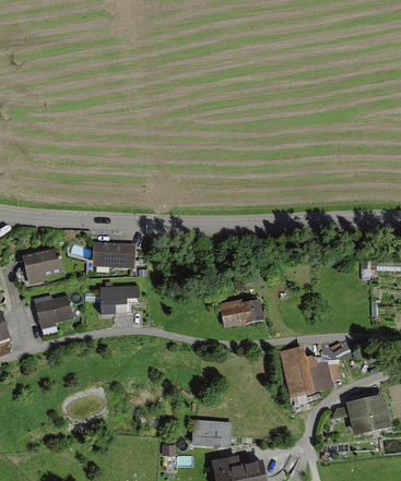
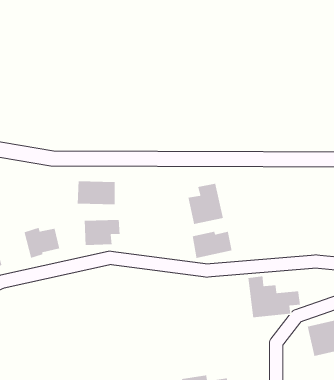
building: none -> [188,183,224,225]
building: [22,248,63,284] -> none
building: [191,419,232,448] -> none

